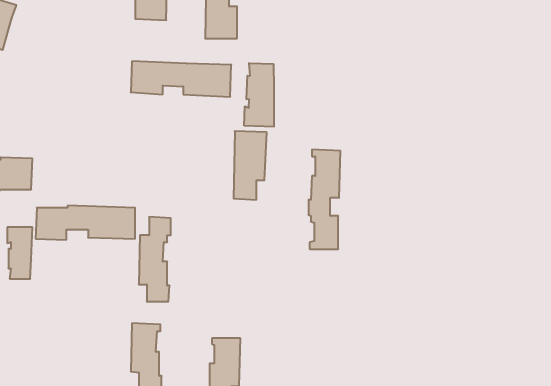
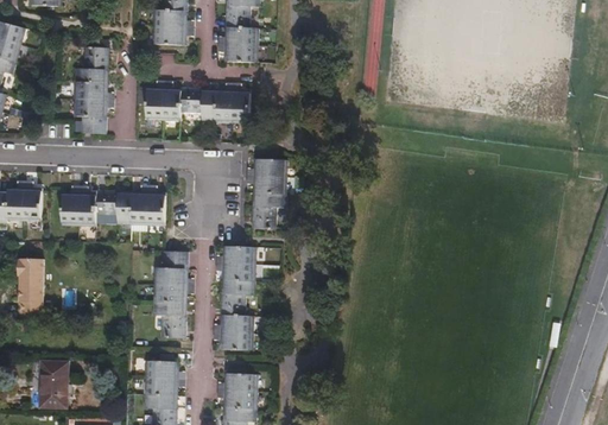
building: none -> [72,46,106,133]
building: [244,63,274,127] -> none
building: [308,150,340,249] -> [222,246,255,349]
building: [36,206,135,240] -> [62,190,165,226]
building: none -> [40,362,66,406]

